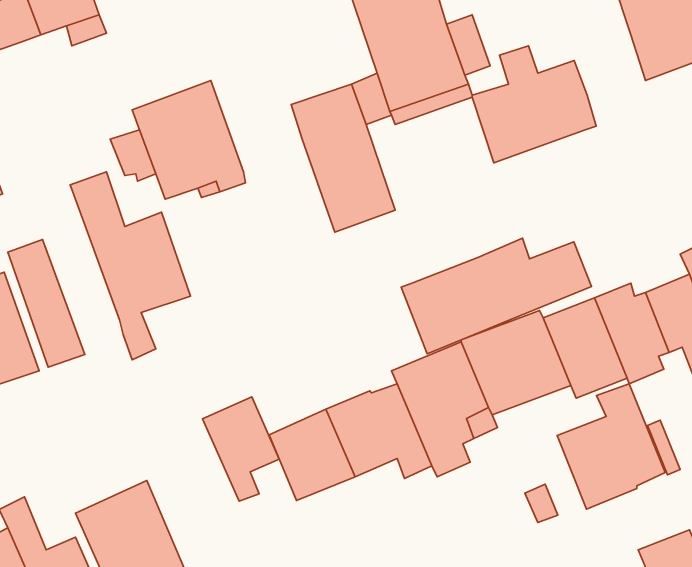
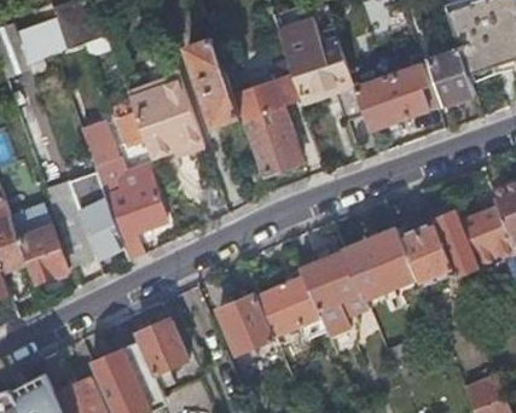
building: none -> [187,39,240,124]
building: none -> [427,46,474,104]
building: none -> [69,171,122,257]
building: [401,238,592,354] -> none
building: [557,384,665,509] -> none
building: [203,397,279,501] -> [138,319,189,388]

